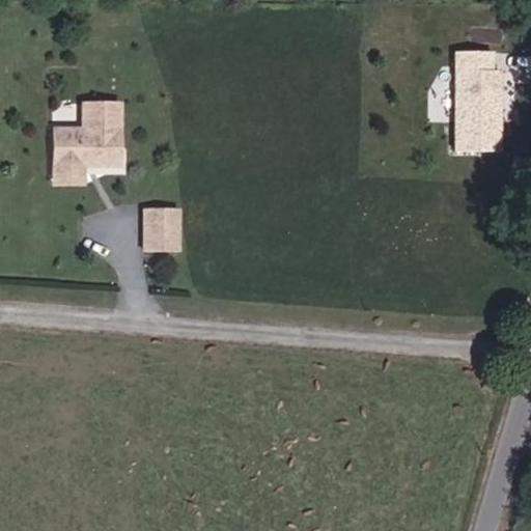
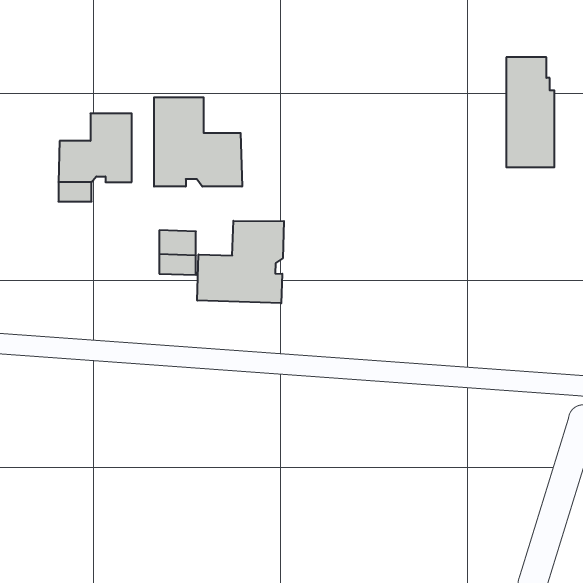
building: none -> [154,97,242,187]
building: none -> [197,221,284,303]

